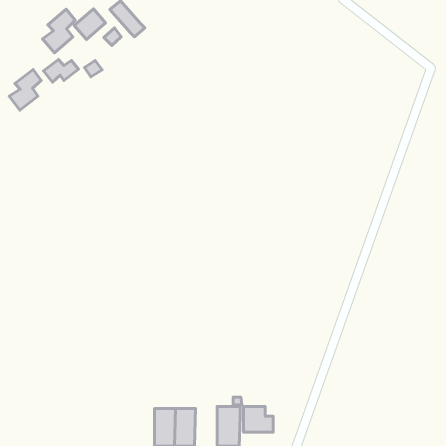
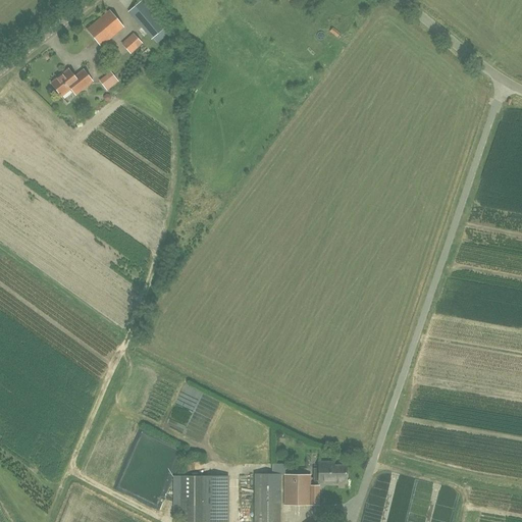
building: [43,9,75,53] -> none
building: [9,70,41,110] -> none
building: none -> [313,462,347,481]

